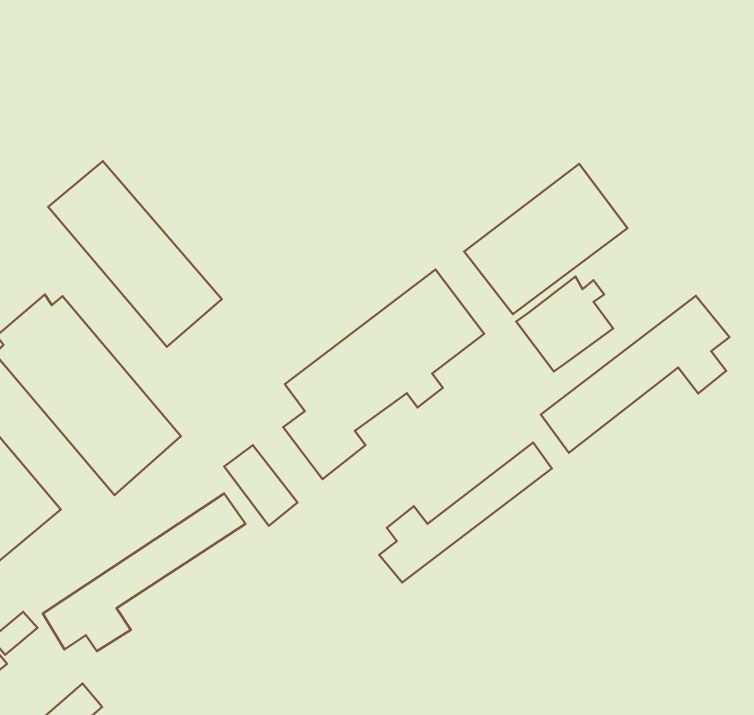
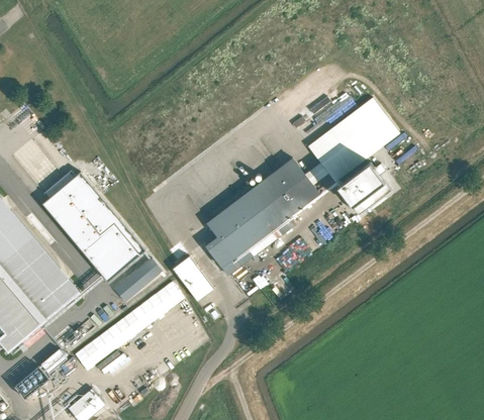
building: [48,161,222,347] -> none
building: [541,296,730,453] -> none
building: [379,442,552,583] -> none
building: none -> [116,260,164,304]

